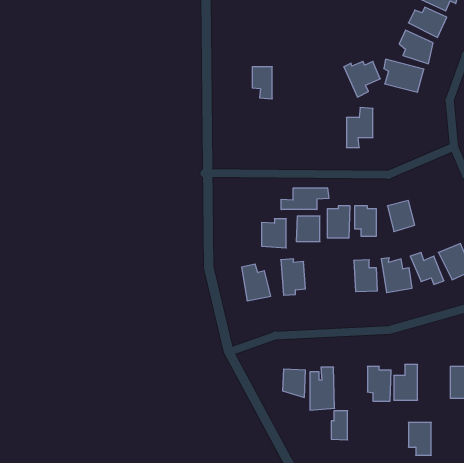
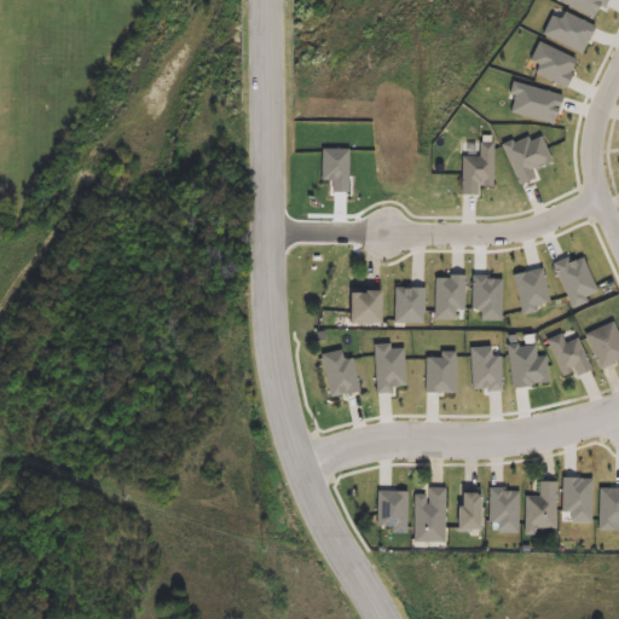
building: [344,61,380,97] -> [504,138,553,185]
building: [252,67,272,99] -> [324,150,351,192]
building: [281,188,329,210] -> none
building: none -> [553,255,601,305]
building: none -> [427,351,457,393]
building: [331,411,348,440] -> [458,497,480,536]
building: [408,422,431,455] -> [563,476,594,520]

